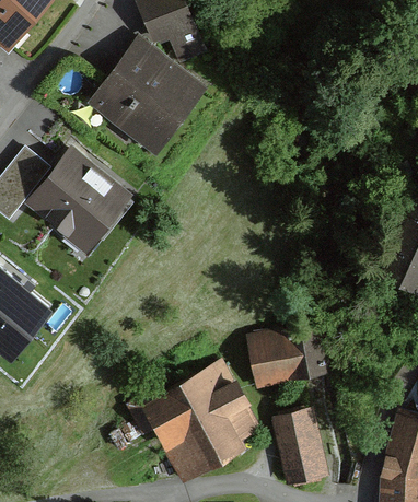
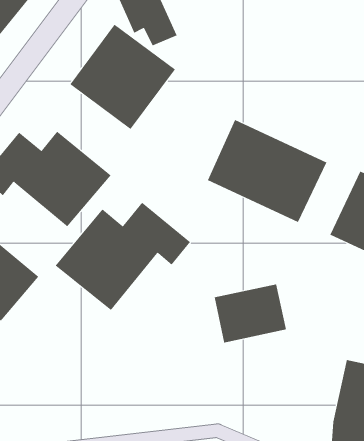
building: none -> [207,119,327,223]
building: none -> [55,202,191,311]
building: [128,361,258,485] -> none
building: [271,410,327,489] -> none

